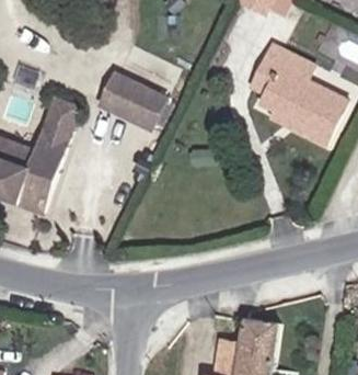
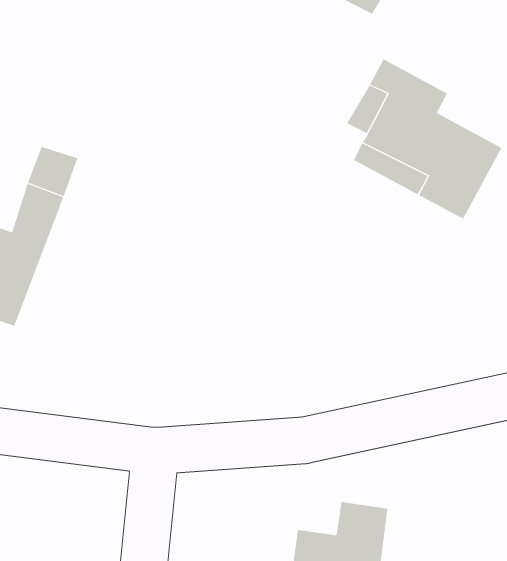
building: [102,75,166,129] -> none

